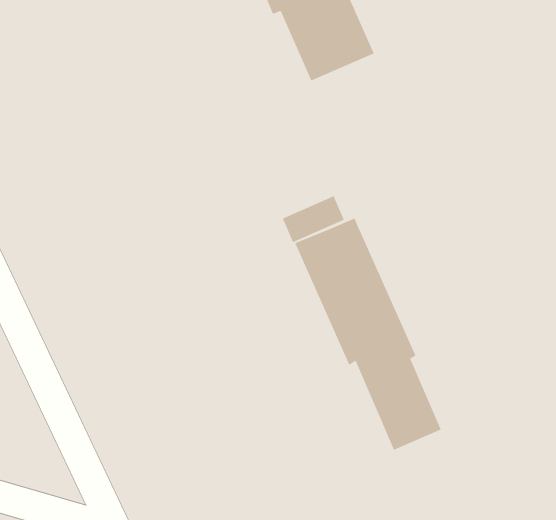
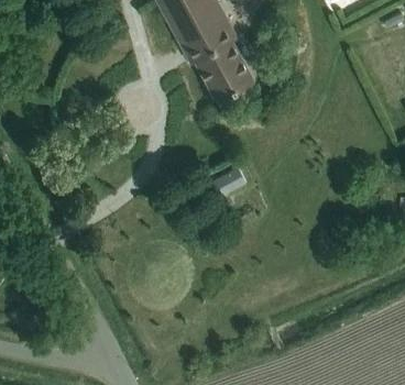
building: [294,218,442,451] -> none

